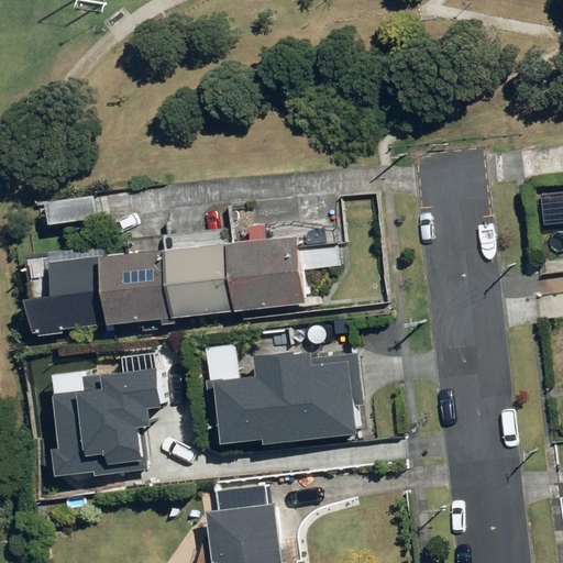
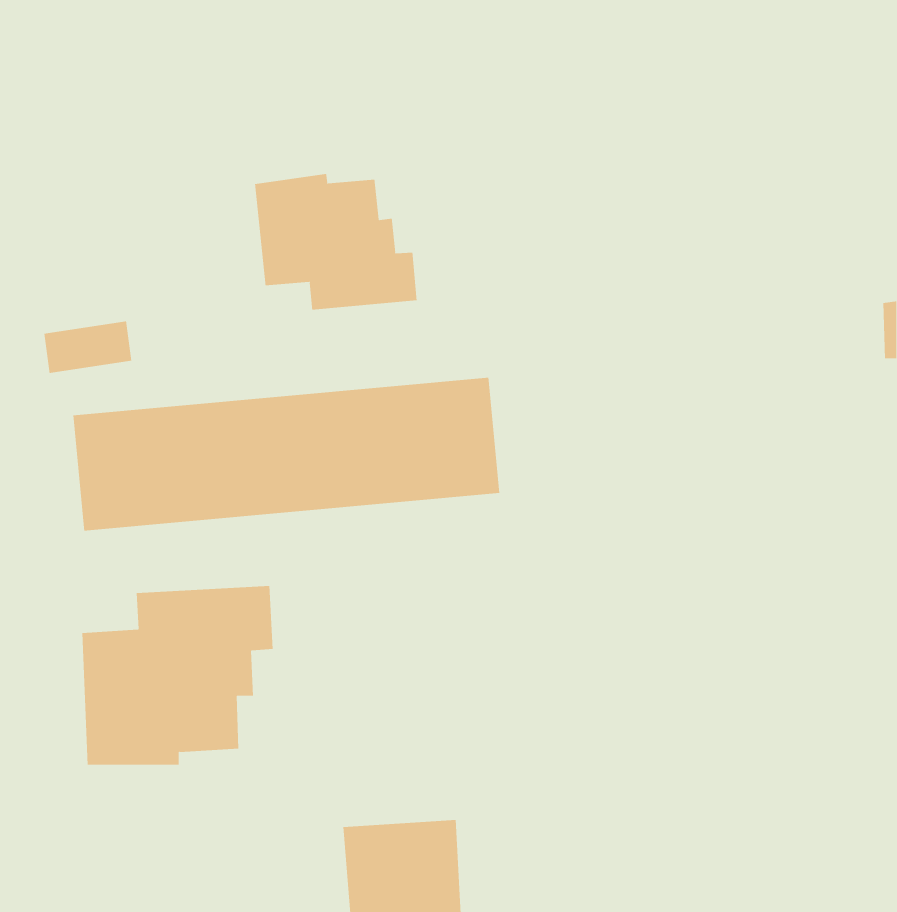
building: none -> [254,173,417,311]
building: [218,346,356,443] -> none

